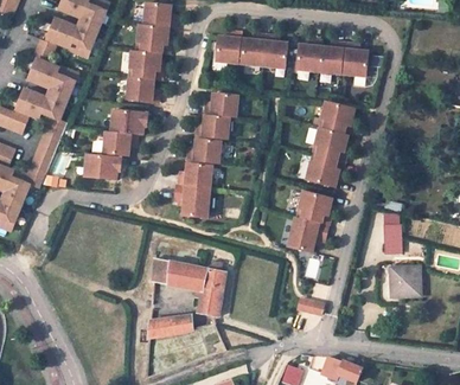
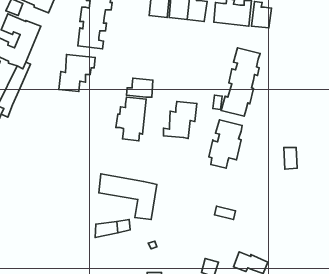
building: [196,92,237,139] -> [164,102,197,139]
building: [83,154,120,179] -> none
building: [389,265,419,296] -> none

